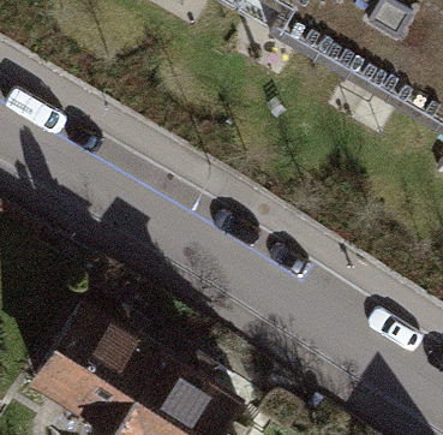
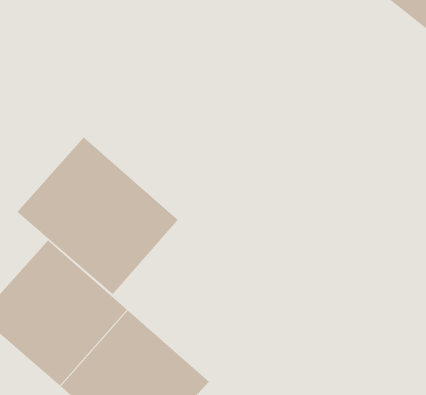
building: none -> [16,137,179,295]

